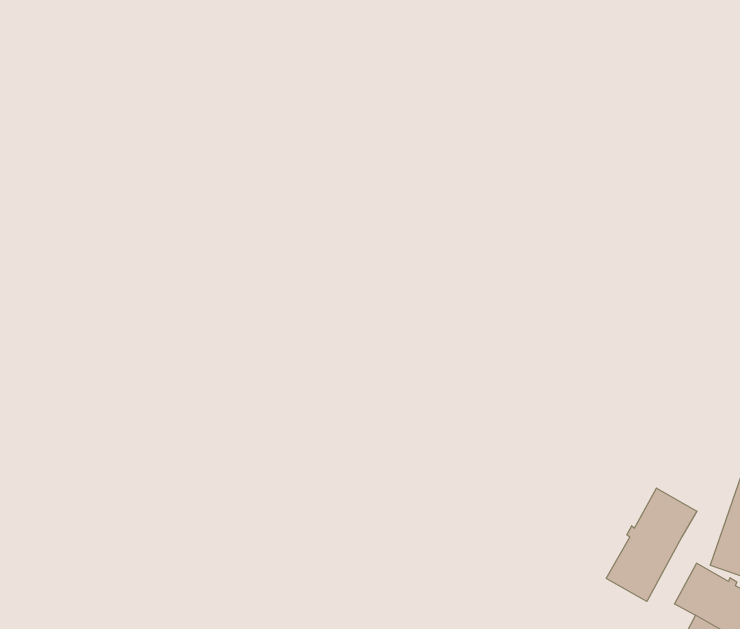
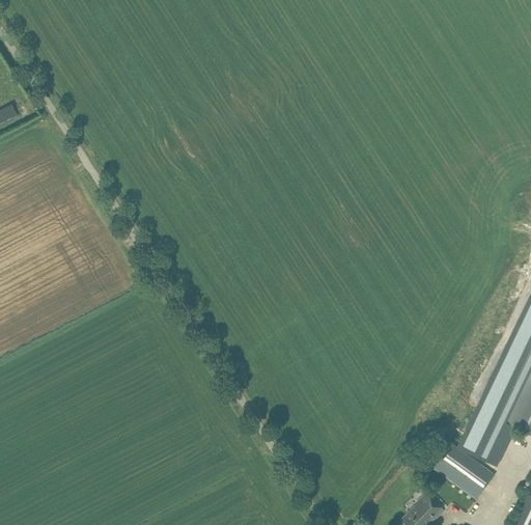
building: [606,488,697,601] -> none

